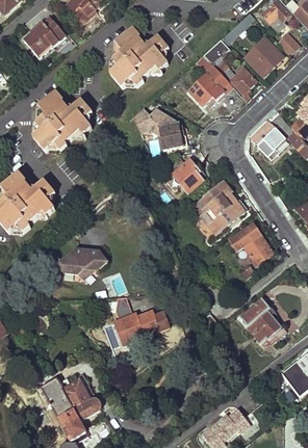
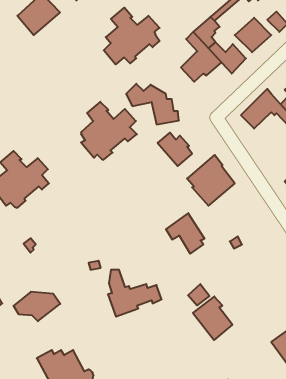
building: [35,95,93,154] -> [81,102,137,160]
building: [230,222,270,264] -> [166,213,205,254]
building: [58,249,106,280] -> [13,292,60,321]
building: [241,299,282,344] -> [193,296,232,340]

